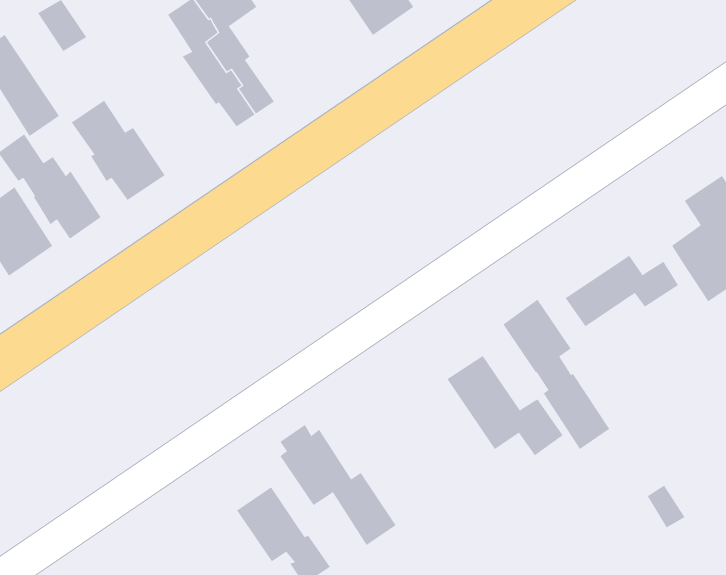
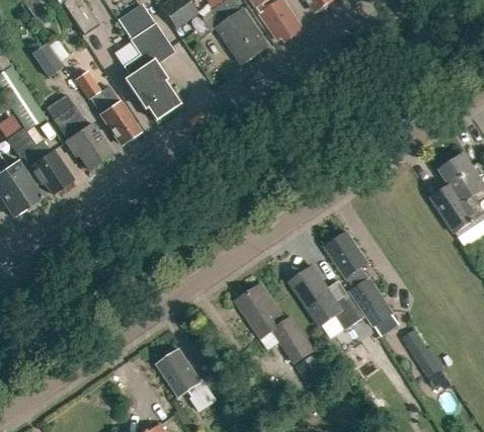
building: none -> [75,71,139,143]
building: [565,255,679,327] -> none
building: [279,424,397,546] -> [239,285,313,362]

